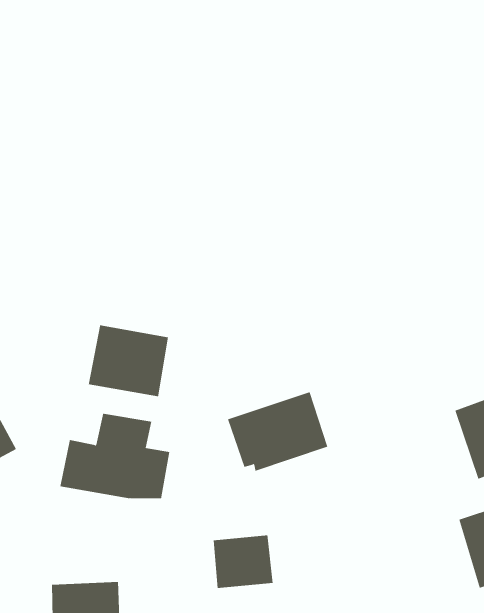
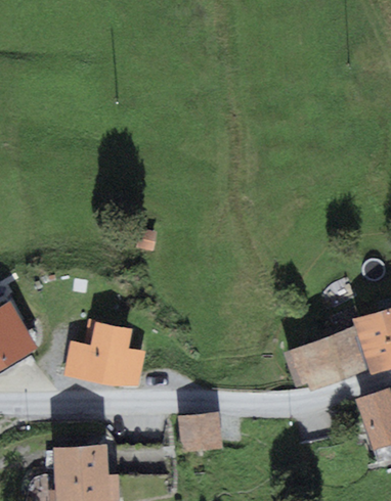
building: [88,325,169,397] -> none
building: [227,391,328,472] -> [289,331,363,391]

